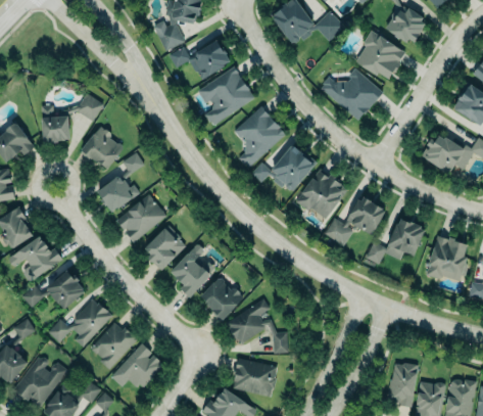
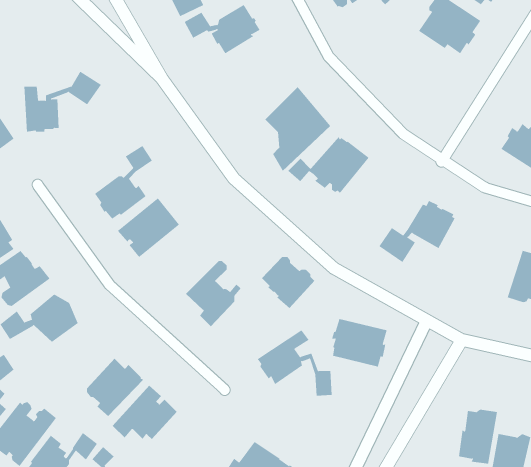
building: [319,65,385,124] -> none
building: [198,68,257,129] -> none
building: [79,127,123,170] -> none
building: [293,170,348,221] -> none
building: [361,220,424,267] -> none
building: [144,228,186,271] -> none
building: [200,278,243,320] -> [261,256,315,309]
building: [46,299,110,346] -> none
building: [232,358,277,397] -> [331,319,387,367]

